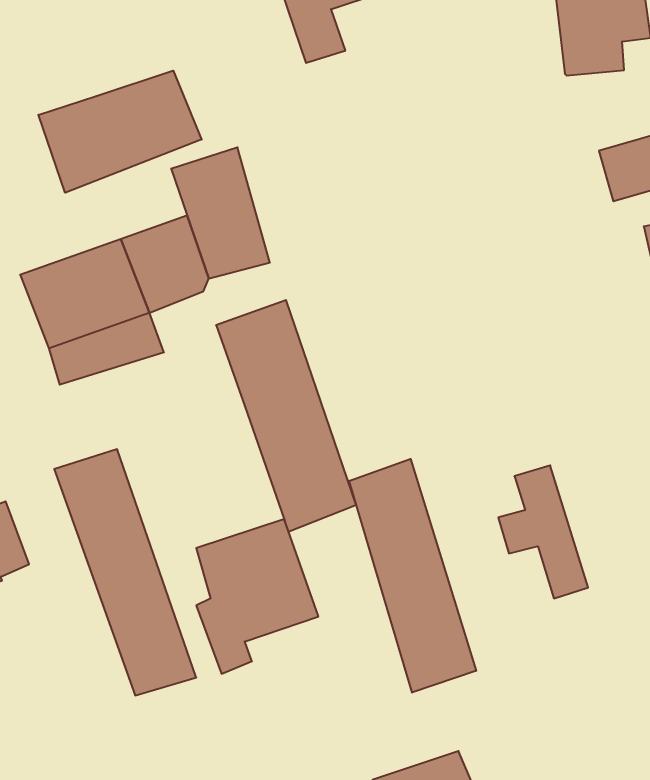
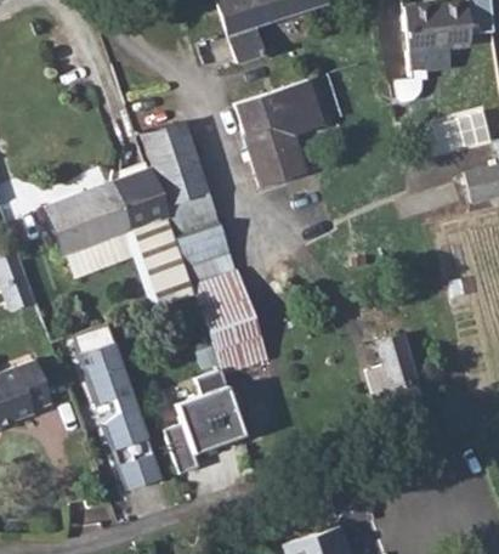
building: [38,71,202,193] -> none
building: none -> [234,80,323,187]
building: none -> [131,216,195,307]
building: [349,459,476,693] -> none

